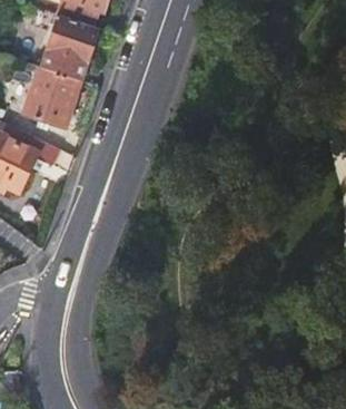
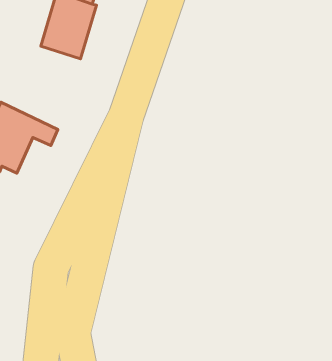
building: [22,70,80,133] -> none

